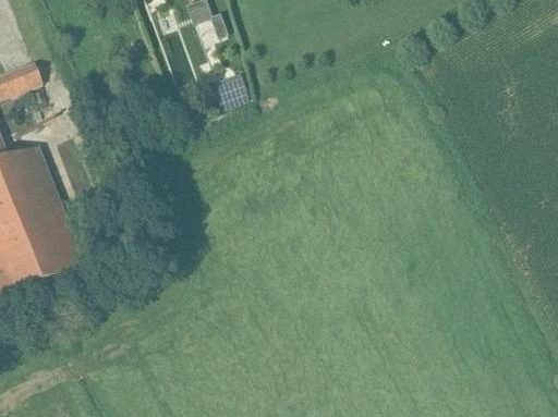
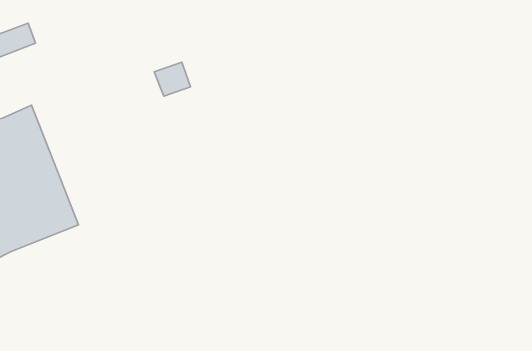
building: [209,74,246,109] -> [154,62,190,96]

